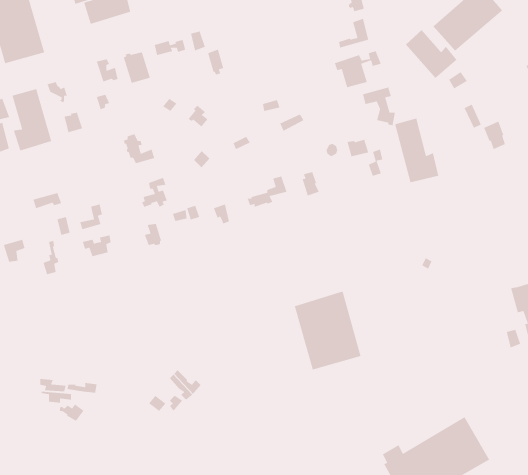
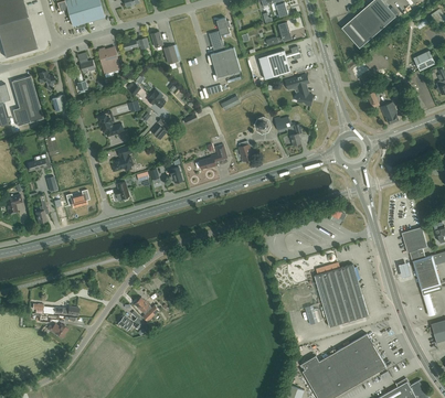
building: none -> [209,18,241,77]
building: [405,29,457,79] -> none
building: [394,117,439,183] -> none
building: [294,290,362,371] -> [315,263,368,326]

